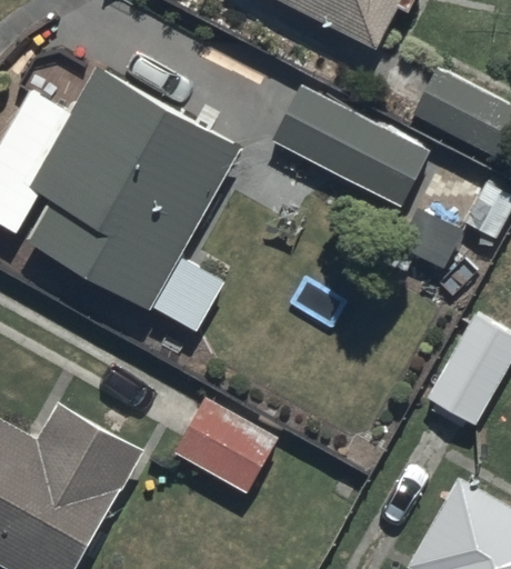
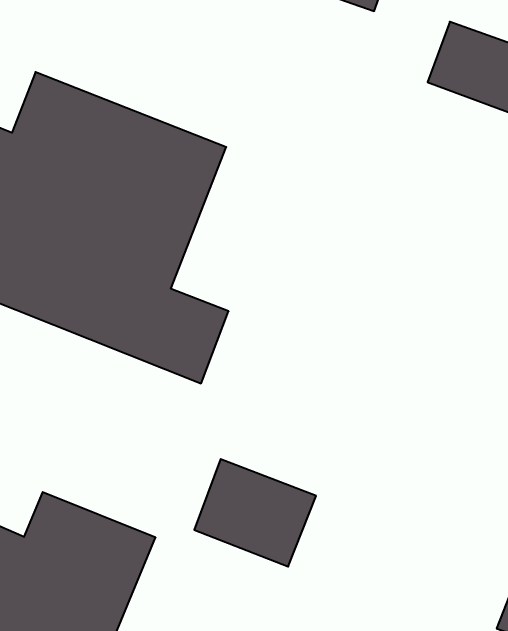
building: [263,82,428,209] -> none

